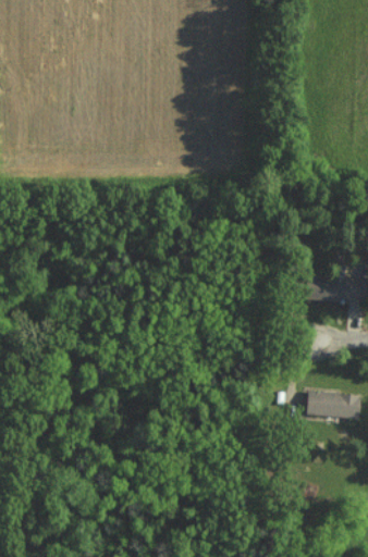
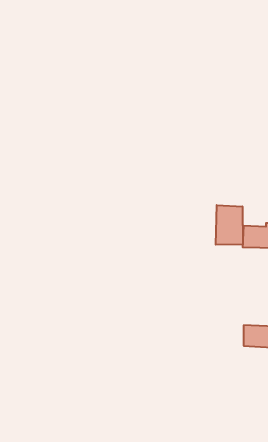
building: none -> [216,205,243,245]

